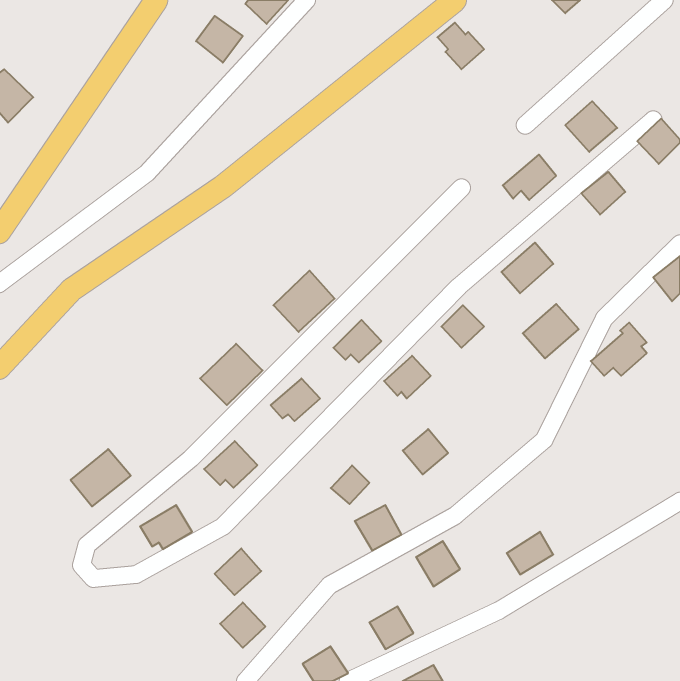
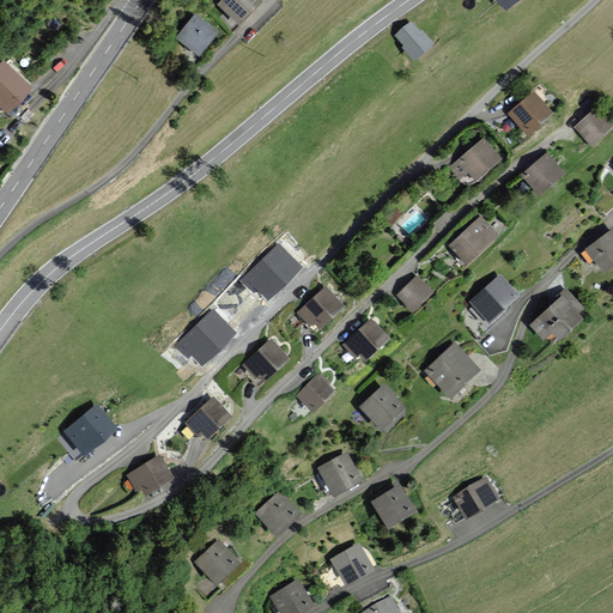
building: none -> [426,344,479,395]
building: [331,465,369,504] -> [297,375,332,409]
building: [215,548,261,595] -> [259,494,301,536]

